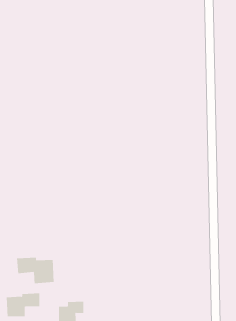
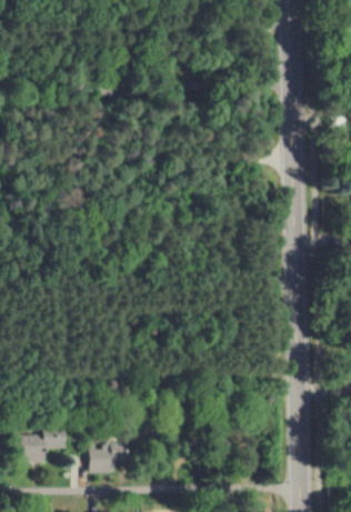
building: [17,257,54,284] -> none

